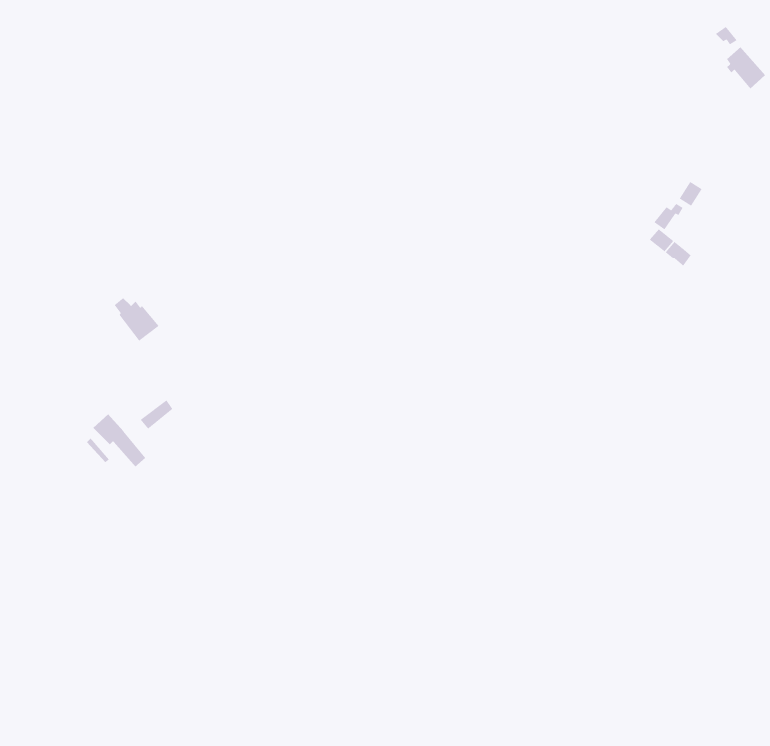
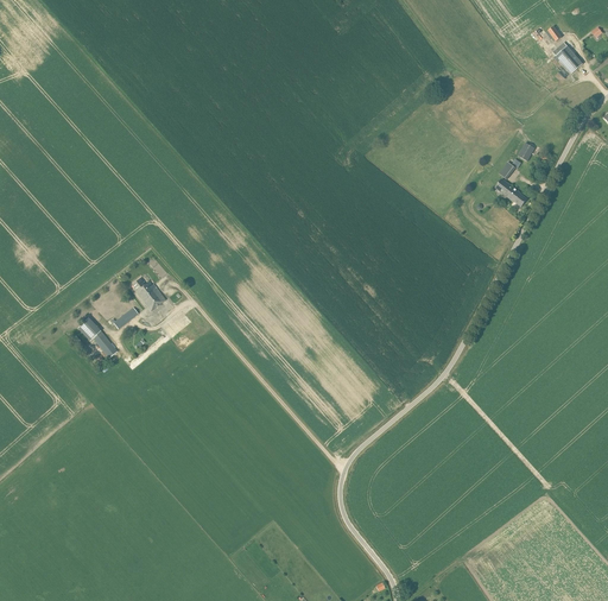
building: [114,297,160,342] -> [131,278,165,311]

